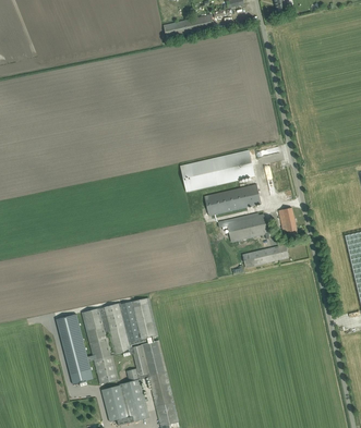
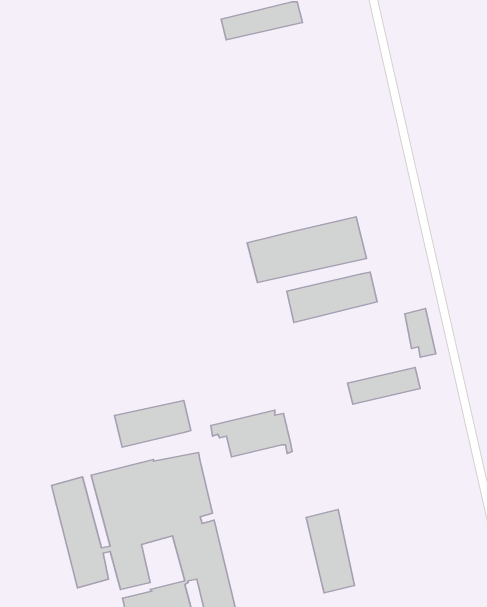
building: [218,211,269,241] -> [211,410,292,457]
building: none -> [114,401,191,447]
building: none -> [306,510,355,593]

